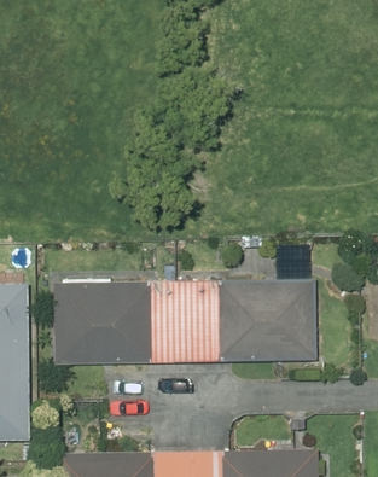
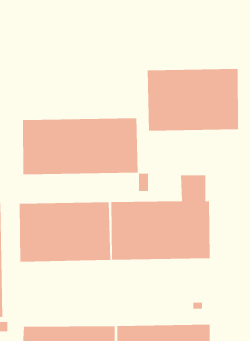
building: none -> [147,68,239,132]
building: none -> [23,117,138,175]

